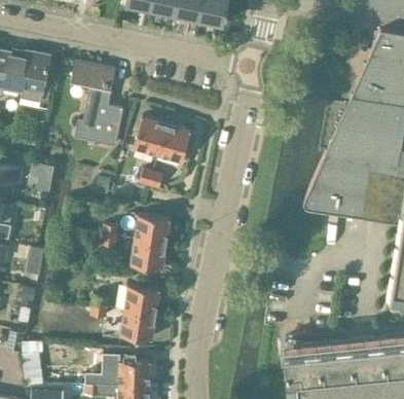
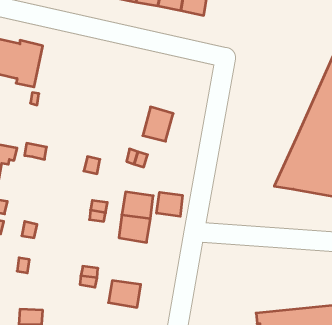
building: [71,62,122,145] -> none
building: [133,116,166,154] -> none
building: none -> [157,192,182,216]
building: [124,286,158,315] -> none

